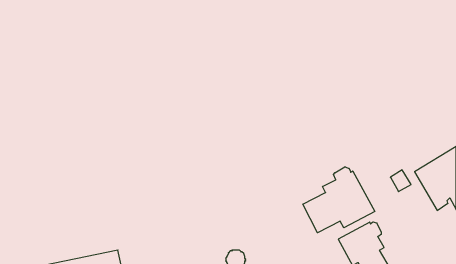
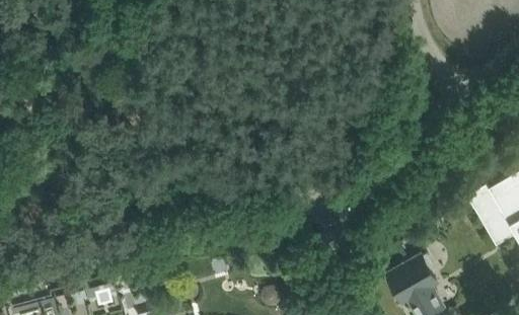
building: [303,167,375,233] -> none

